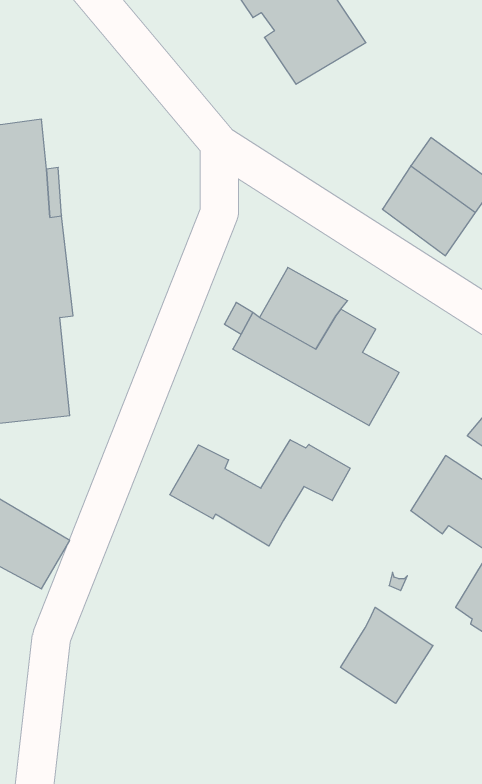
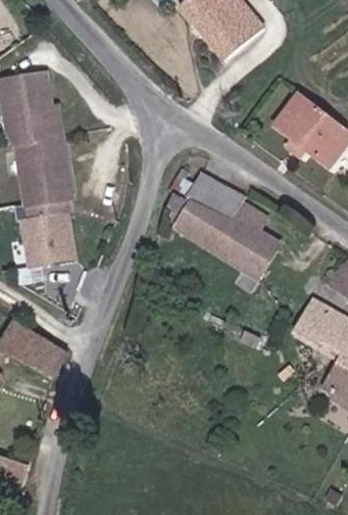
building: [170,440,350,546] -> none
building: [341,607,433,703] -> none

